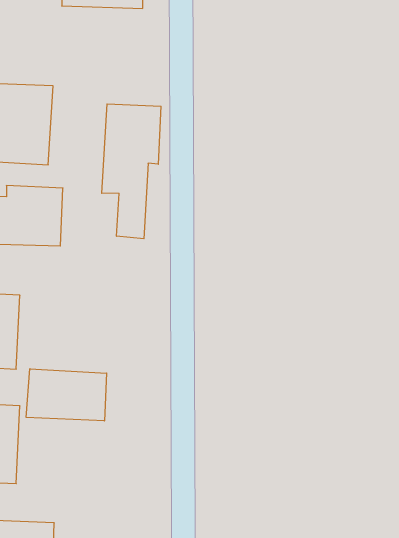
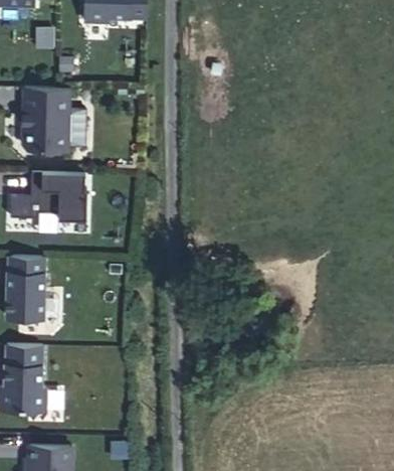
building: [102,104,161,239] -> none
building: [26,369,107,421] -> none

